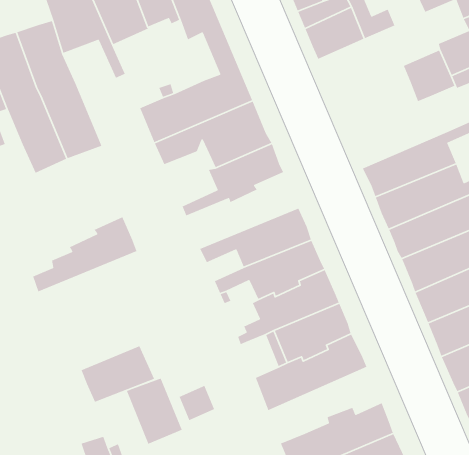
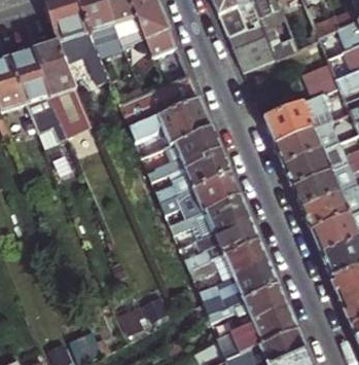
building: none -> [262,94,332,144]
building: [32,216,138,292] -> [154,147,228,200]
building: [80,345,155,403] -> none
building: none -> [207,284,287,330]

